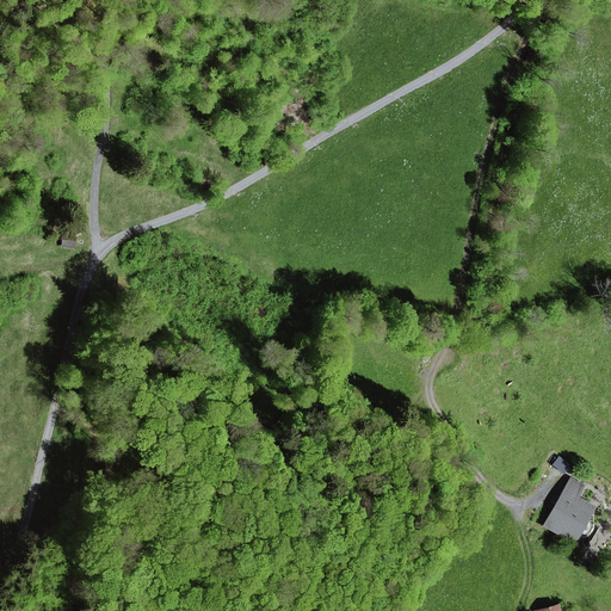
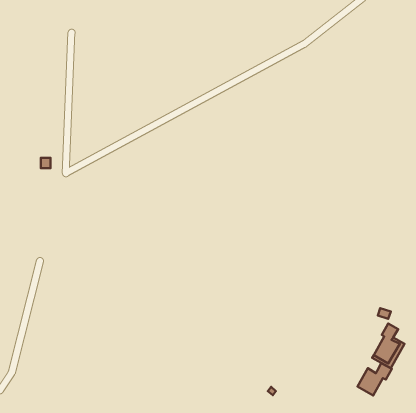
building: none -> [358,363,392,395]

